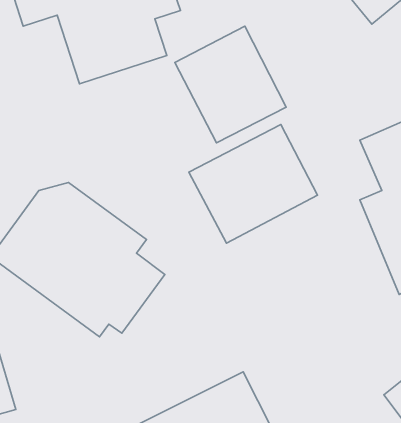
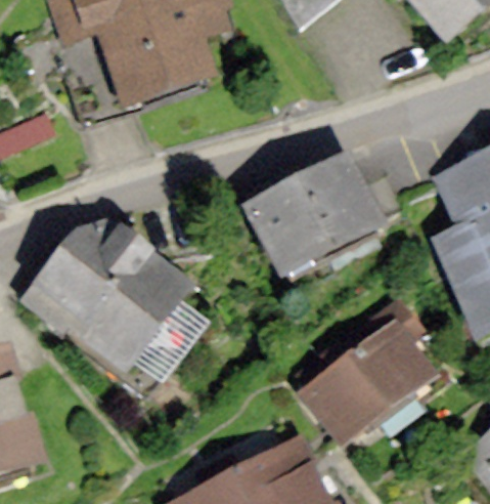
building: [175,26,286,143] -> none
building: none -> [295,291,439,452]

